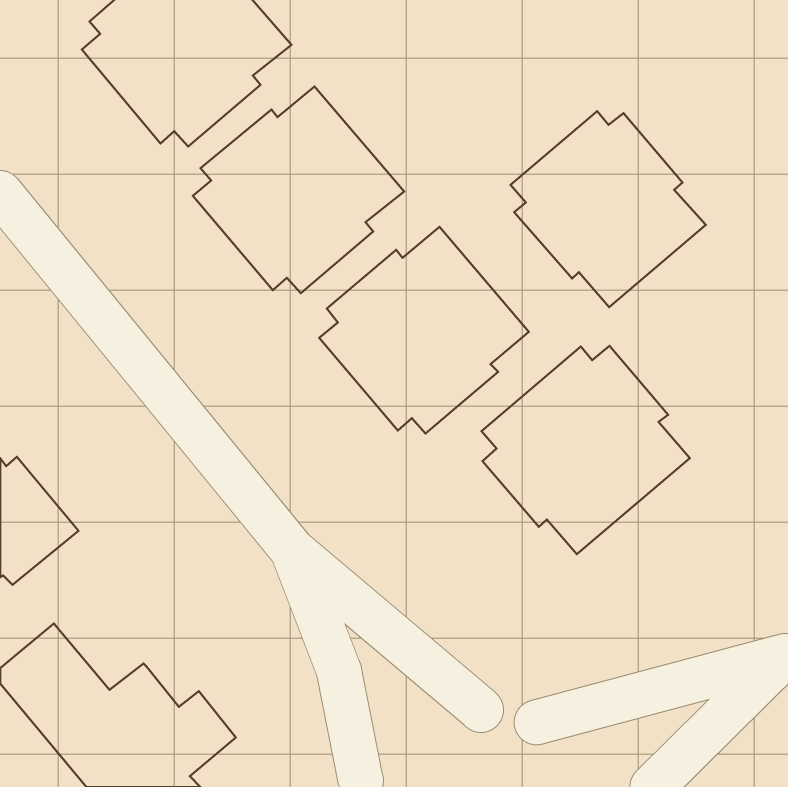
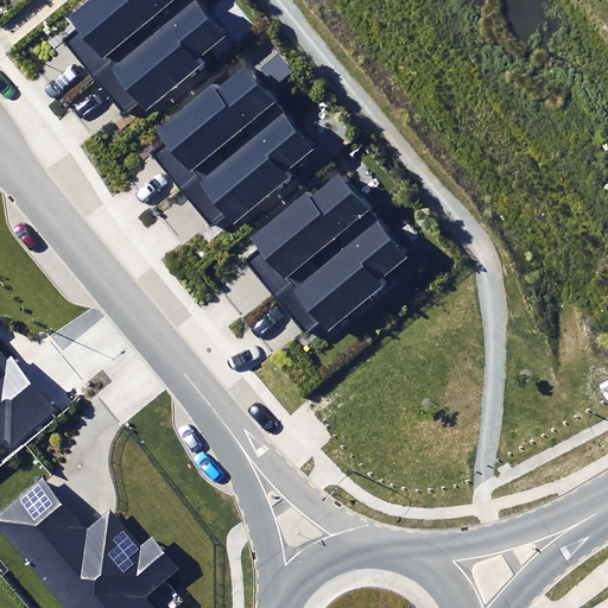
building: [511,111,706,307] -> none
building: [482,346,690,554] -> none

